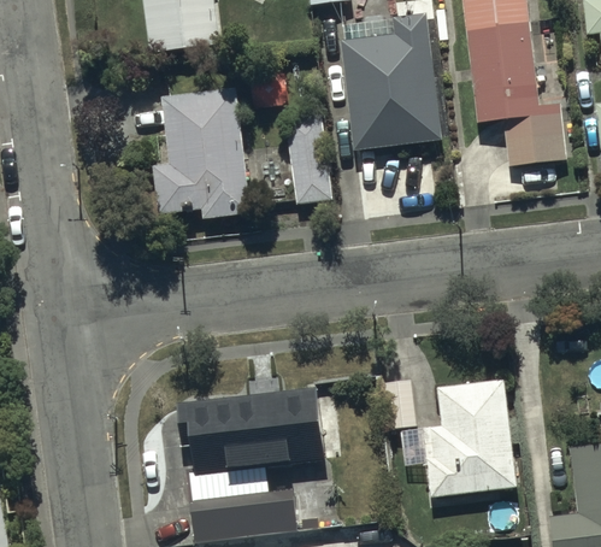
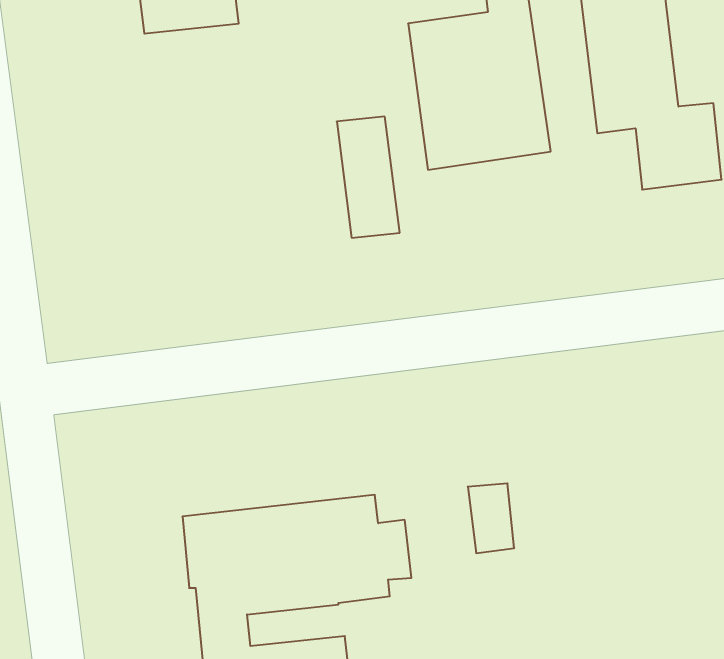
building: [153,89,251,219] -> none
building: [400,381,515,495] -> none

